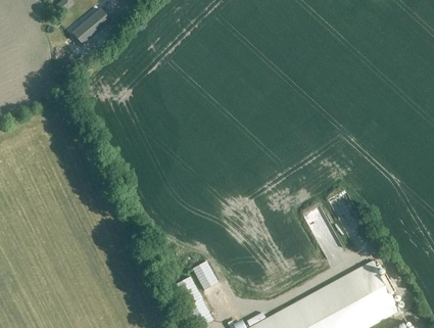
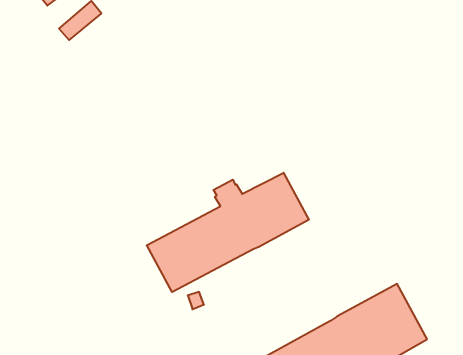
building: none -> [147,173,309,292]

